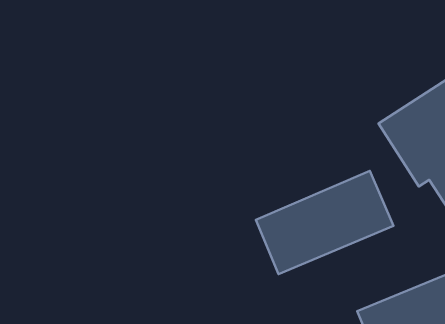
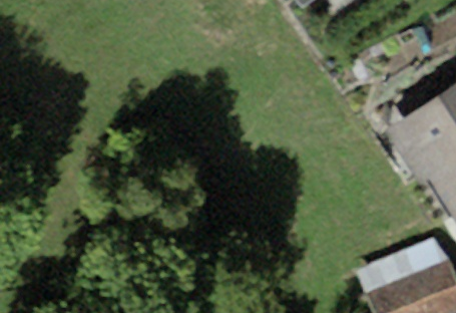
building: [256,171,393,274] -> none

